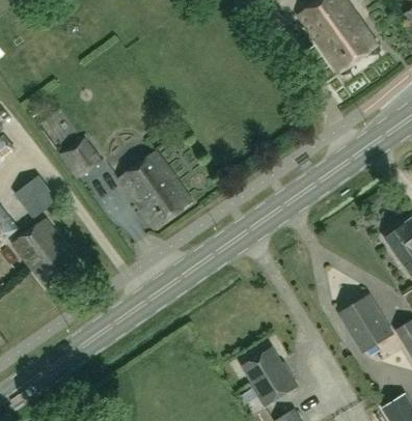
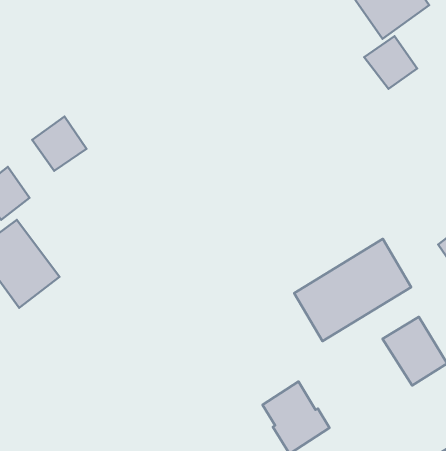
building: none -> [364,36,417,89]
building: [118,151,193,229] -> none
building: none -> [294,239,411,341]

